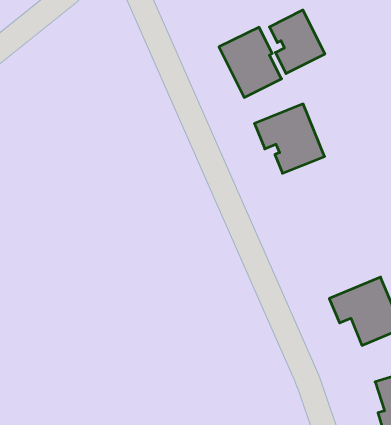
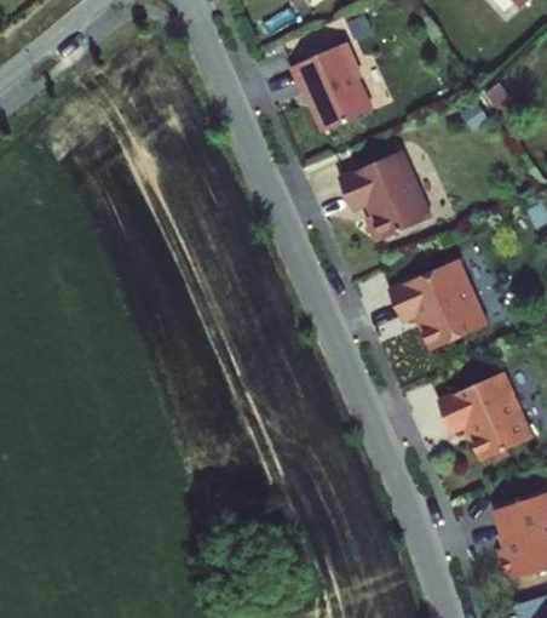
building: [269,10,325,74] -> none
building: none -> [388,258,488,349]

